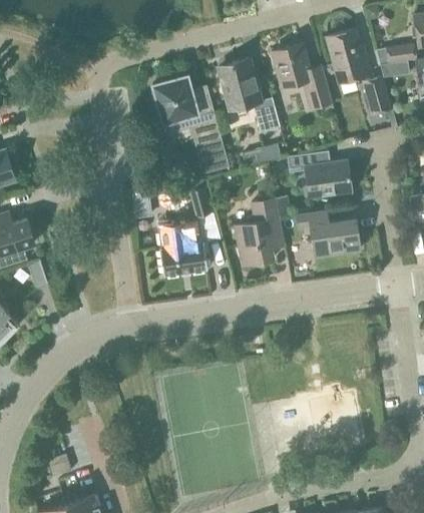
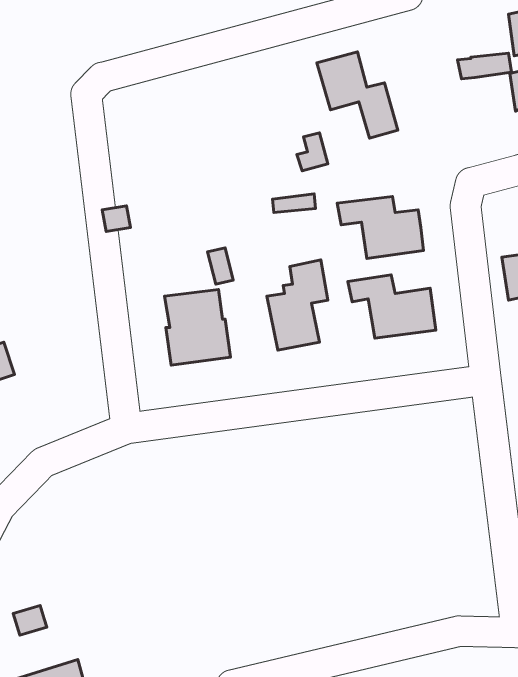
building: [327,30,370,83] -> none
building: [219,59,261,110] -> none
building: [151,76,228,173] -> none
building: [363,77,391,114] -> none

